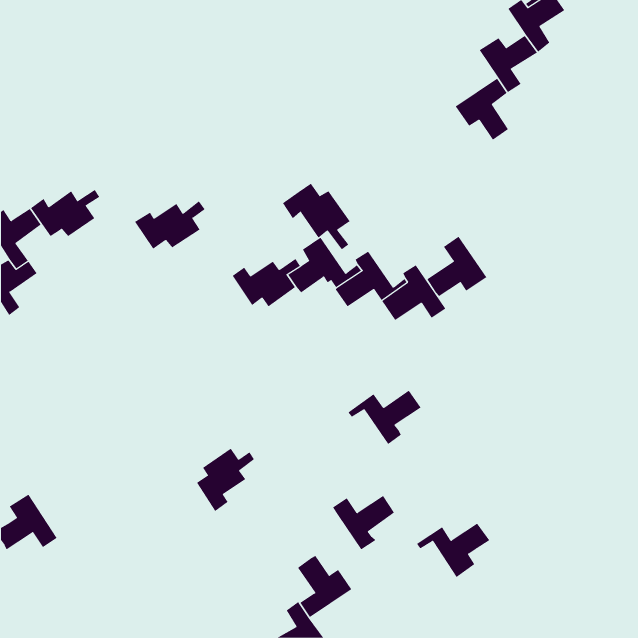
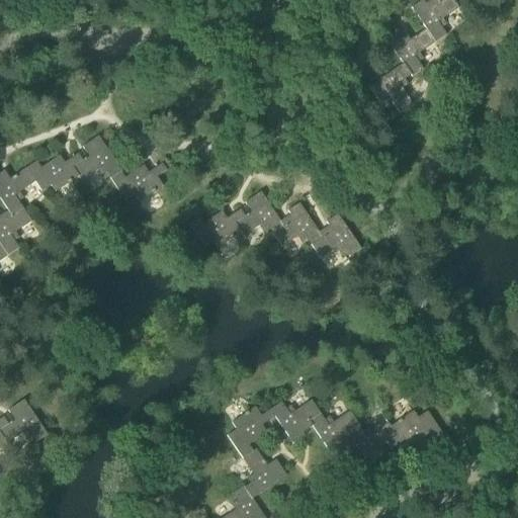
building: none -> [72,136,123,182]
building: [282,183,351,250] -> none
building: [427,236,487,297] -> none
building: [348,390,422,445] -> [299,411,359,455]
building: [196,448,255,512] -> [227,407,274,458]
building: none -> [386,411,443,449]

